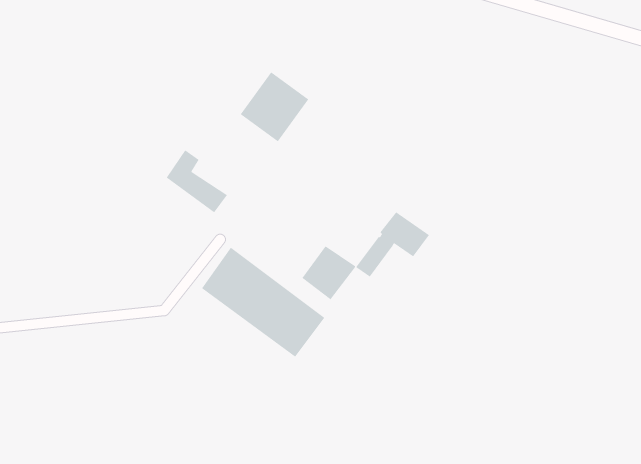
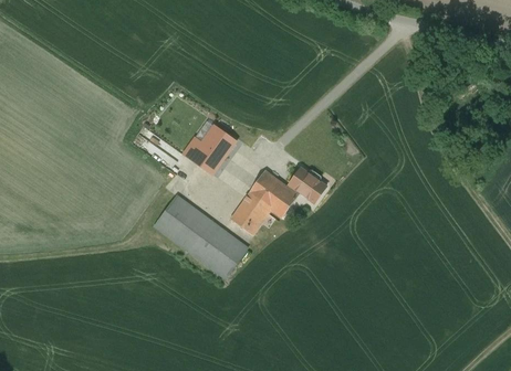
building: [240,71,309,142] -> [184,120,236,173]
building: none -> [248,170,288,209]

